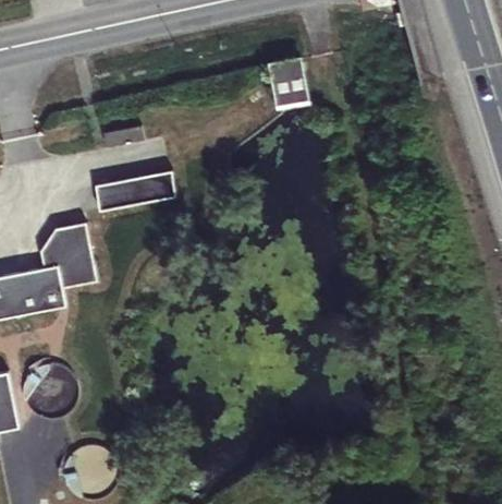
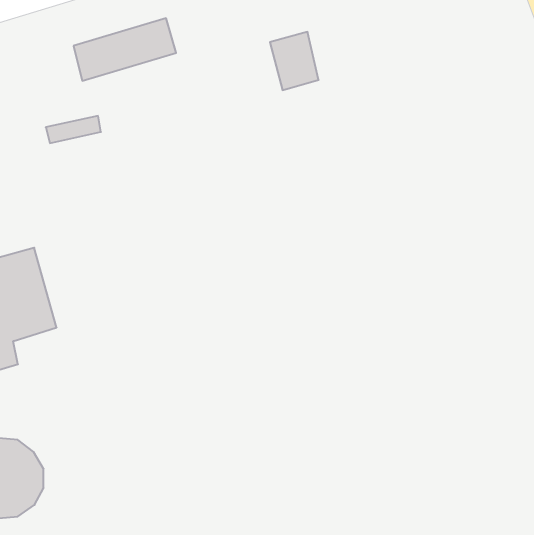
building: [97,169,172,211] -> [74,18,176,81]

